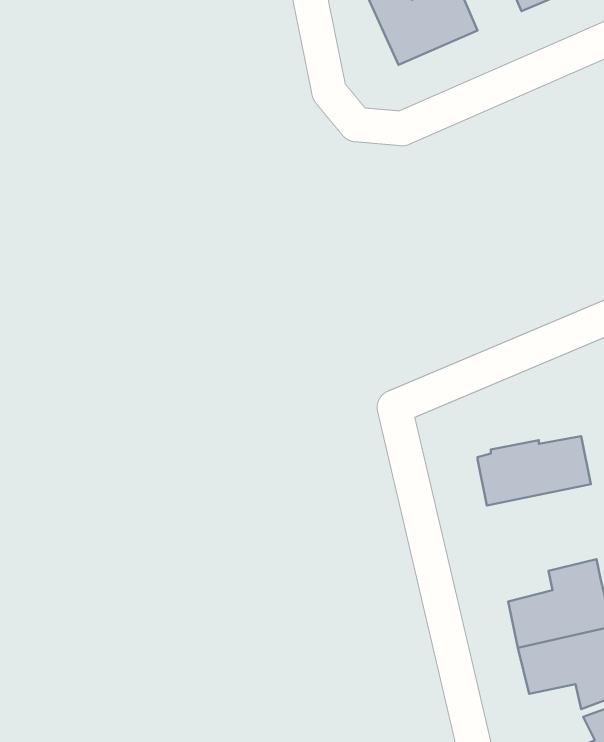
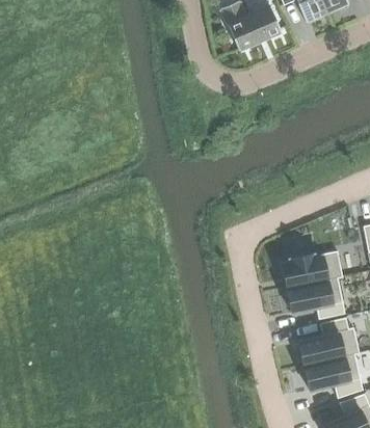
building: none -> [286,276,344,319]

